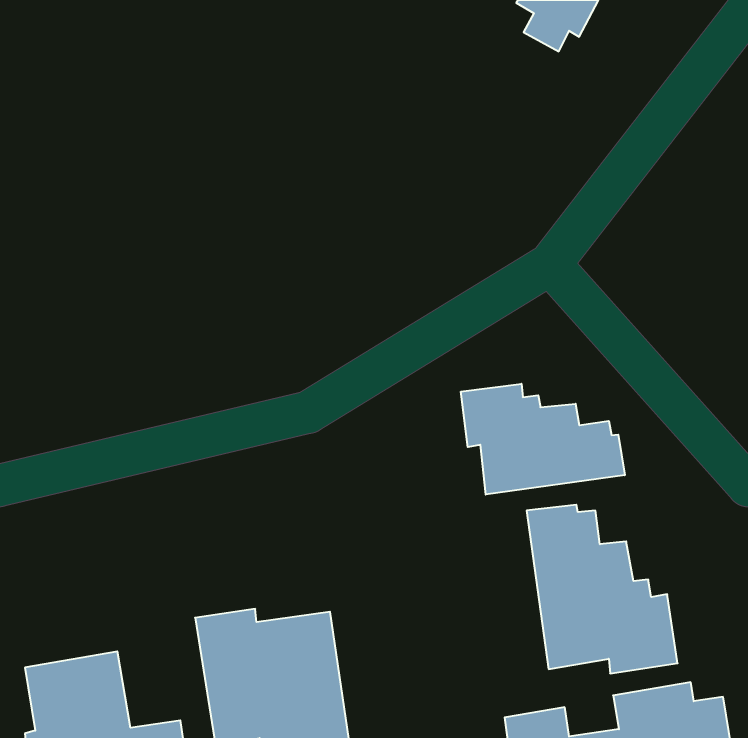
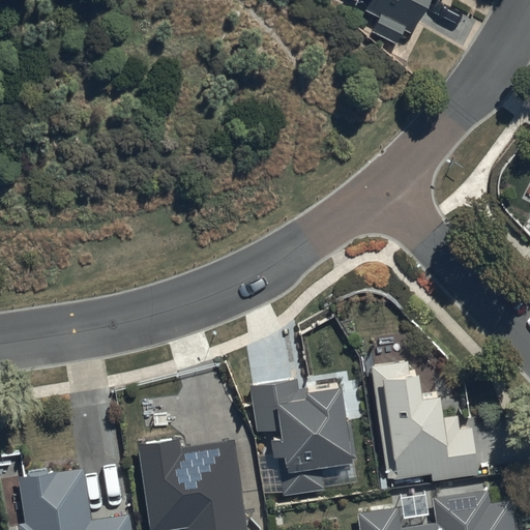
building: [461,384,625,495] -> none
building: none -> [248,379,353,496]

